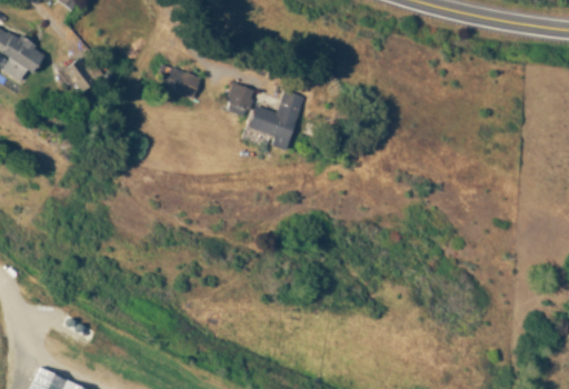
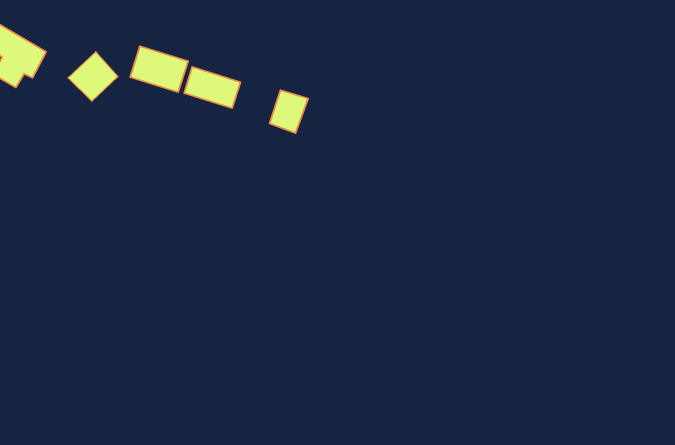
building: none -> [130,46,188,92]
building: [248,90,303,150] -> none

